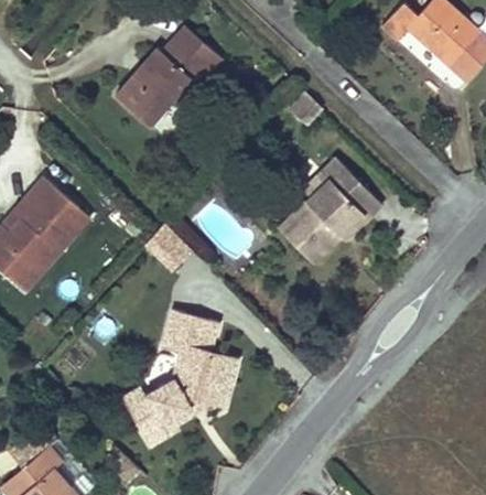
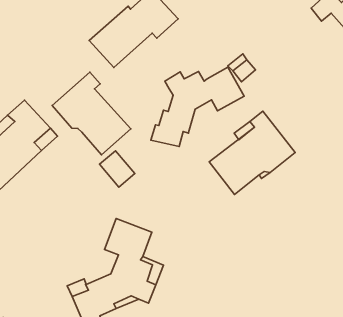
building: none -> [151,67,244,147]
building: none -> [52,72,131,155]

